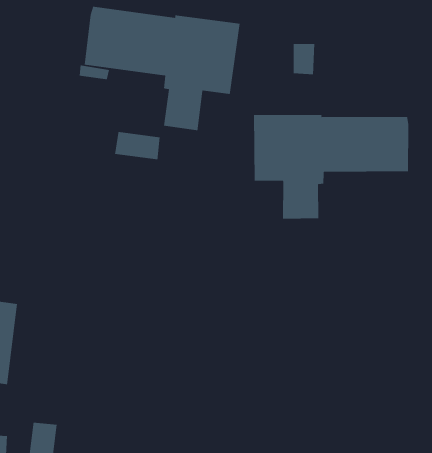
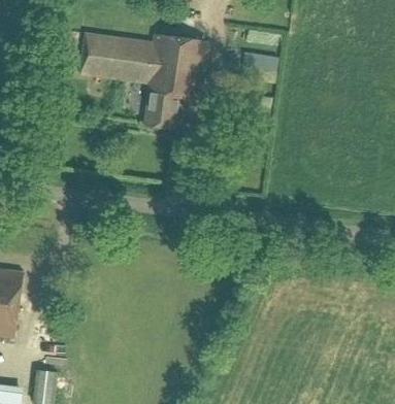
building: [254,114,409,219] -> none
building: [115,131,160,160] -> none

